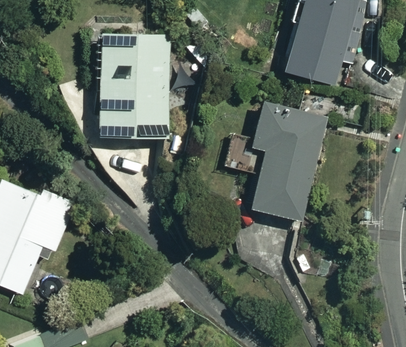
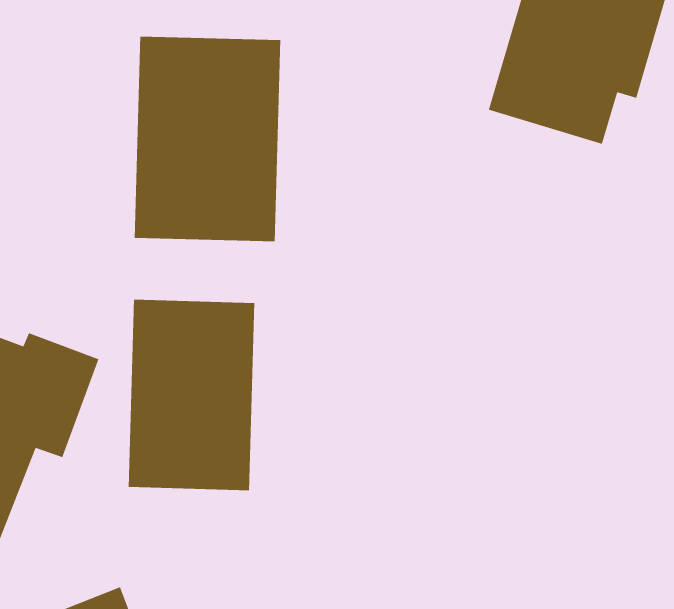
building: [245,103,326,221] -> none
building: none -> [128,299,255,491]

